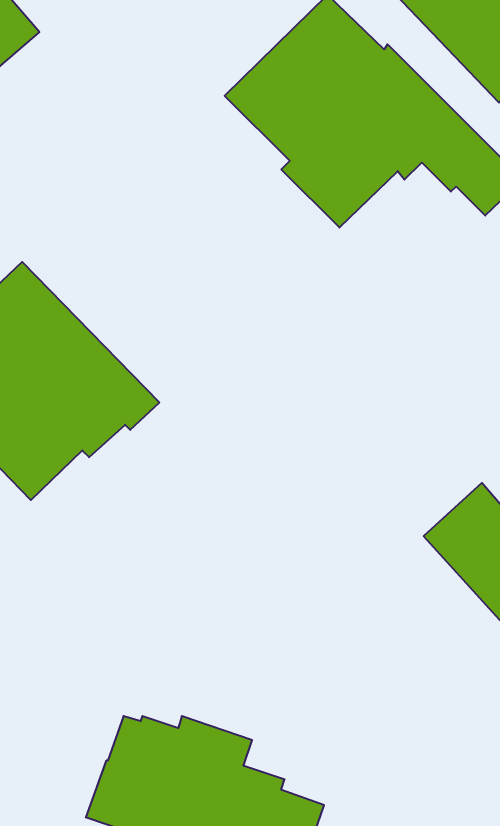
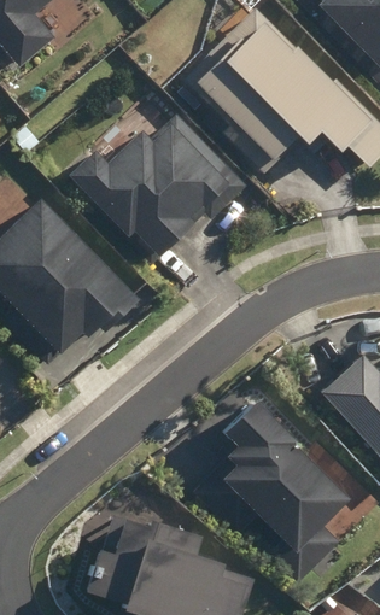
building: none -> [70,115,244,256]
building: none -> [193,403,350,584]

